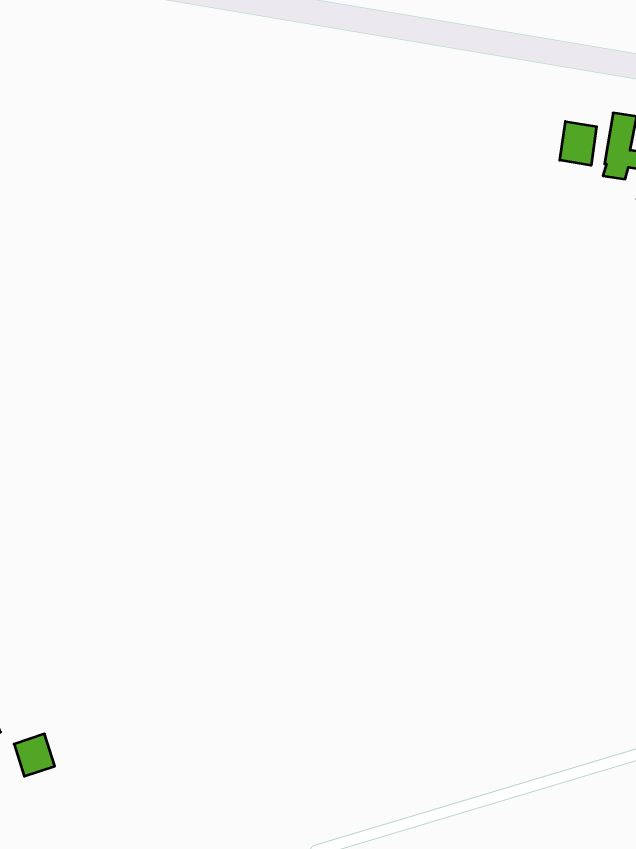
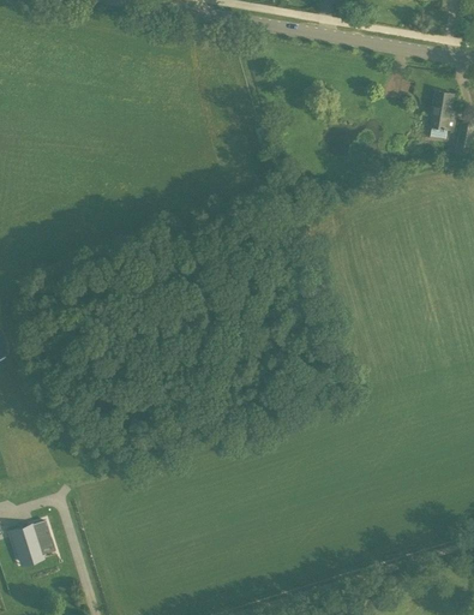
building: [560,121,597,165] -> none

